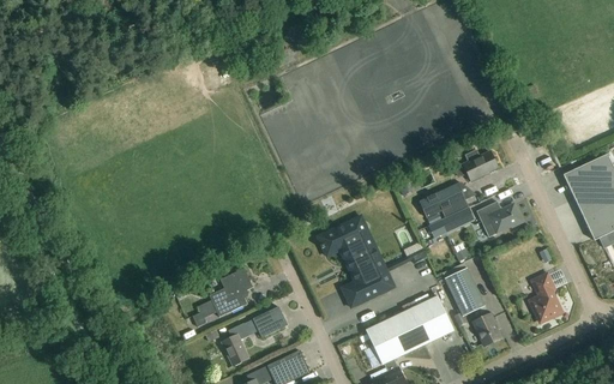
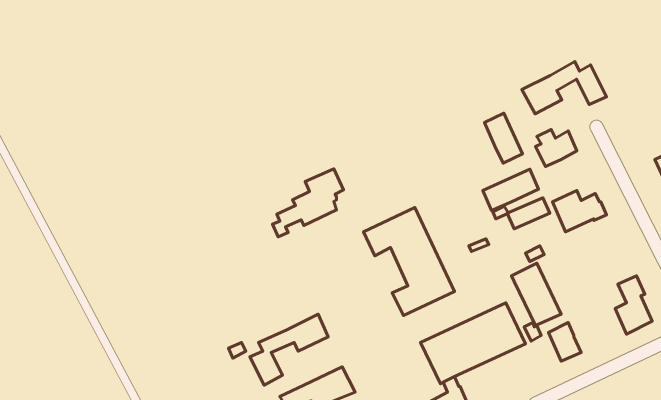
building: none -> [522,62,607,114]
building: none -> [485,113,522,163]
building: [193,268,253,325] -> [273,169,344,237]

